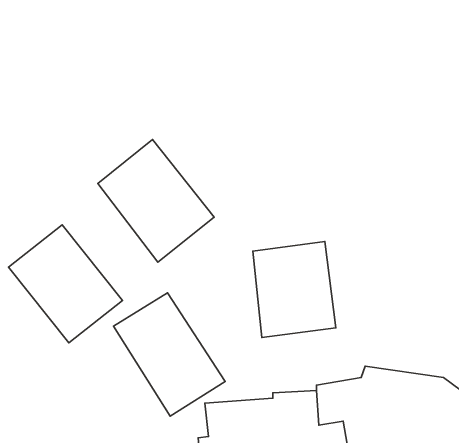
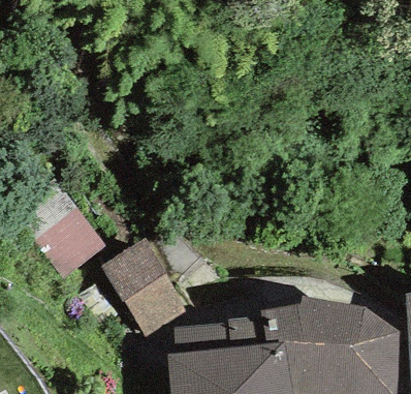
building: [98,140,214,262] -> none
building: [253,241,336,338] -> none

